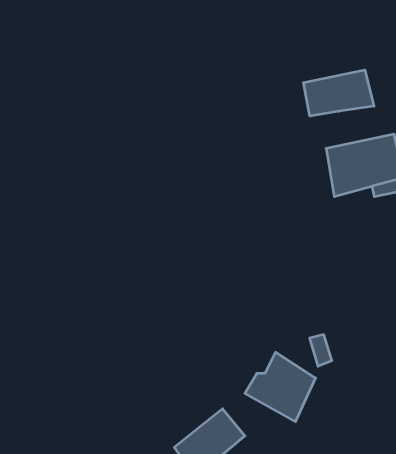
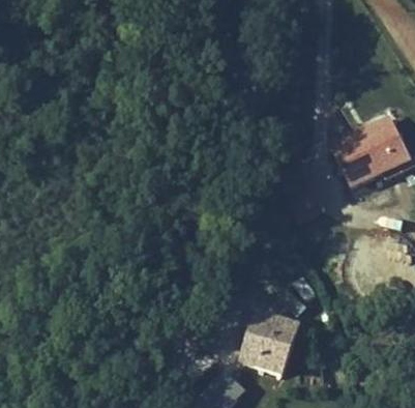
building: [303,70,374,116] -> none

